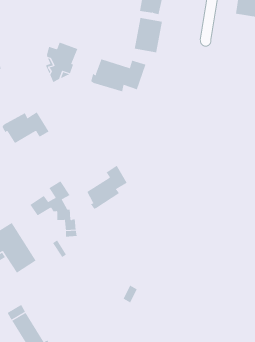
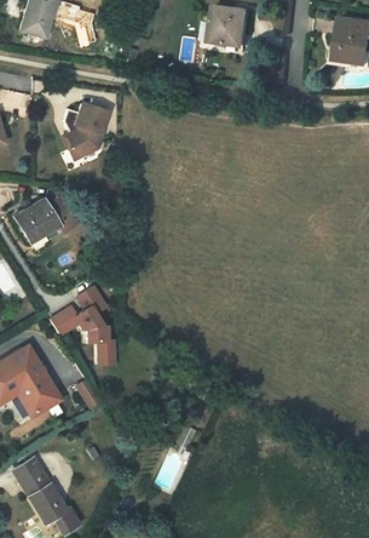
building: [134,17,163,53] -> none
building: [90,59,146,92] -> none
building: [86,165,128,209] -> none

